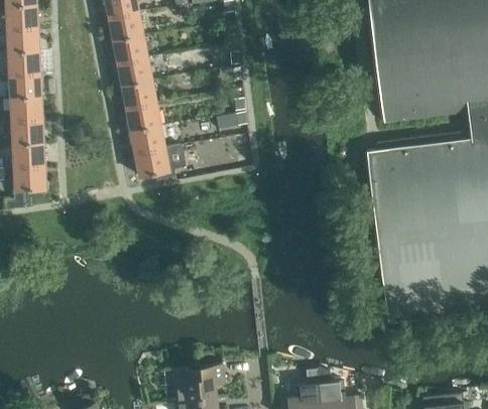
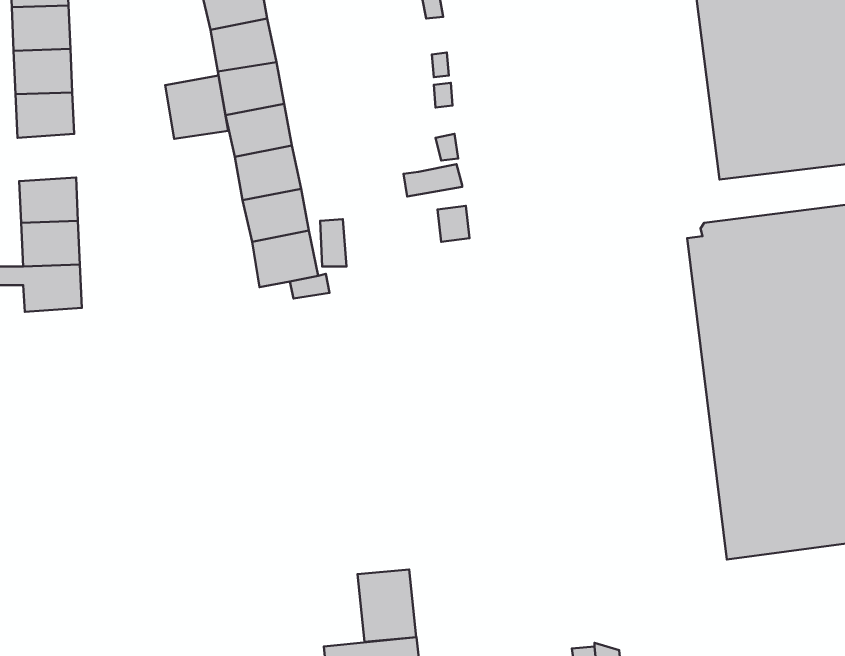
building: none -> [165,75,228,139]
building: [10,96,41,121] -> none
building: none -> [358,570,416,642]

